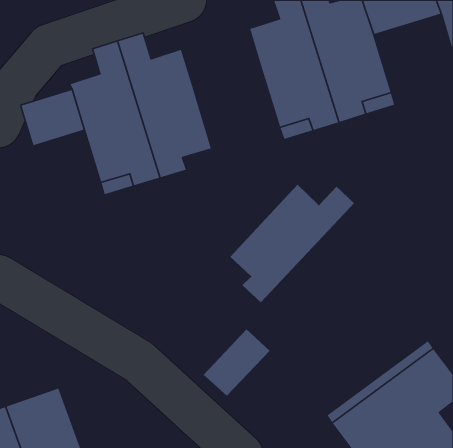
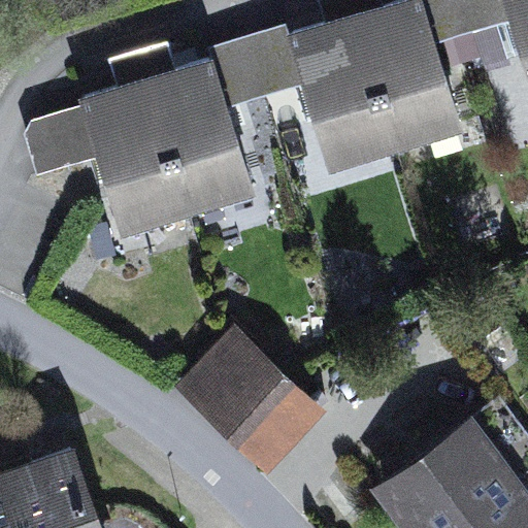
building: none -> [206,29,303,112]
building: [230,184,355,303] -> none
building: none -> [180,337,286,442]

